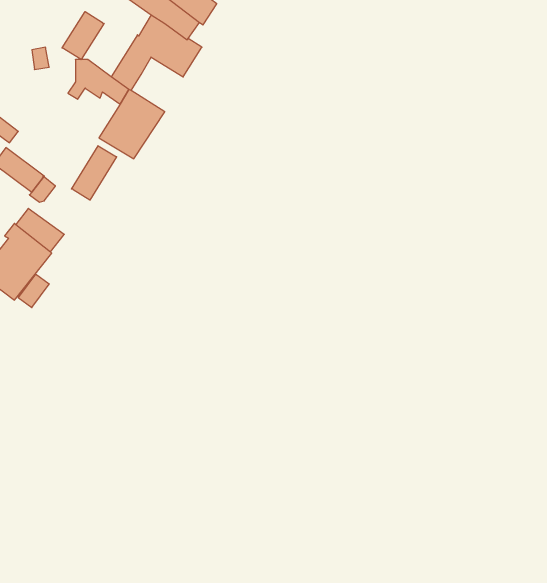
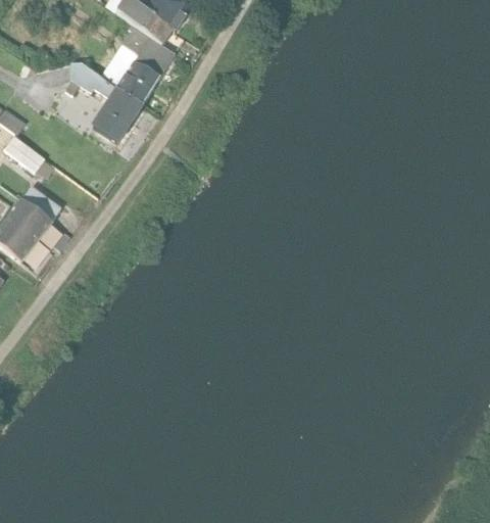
building: [62,12,104,60] -> none
building: none -> [115,60,159,105]
building: [71,146,117,200] -> none

